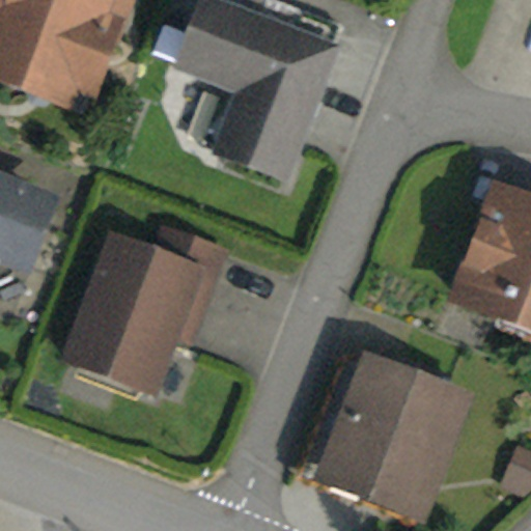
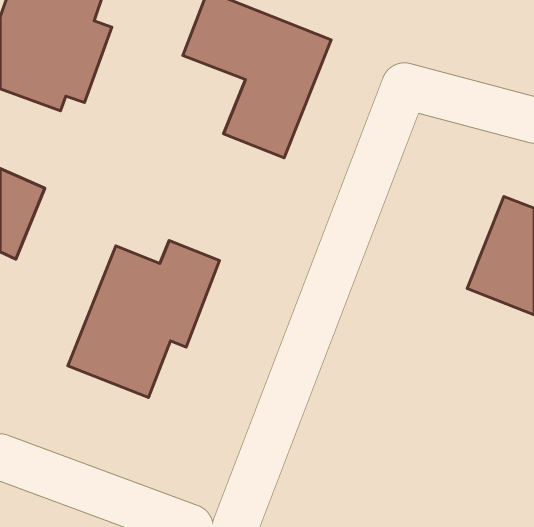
building: [325,355,457,502] -> none

